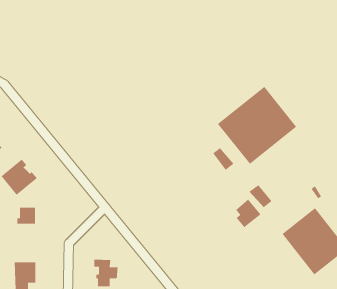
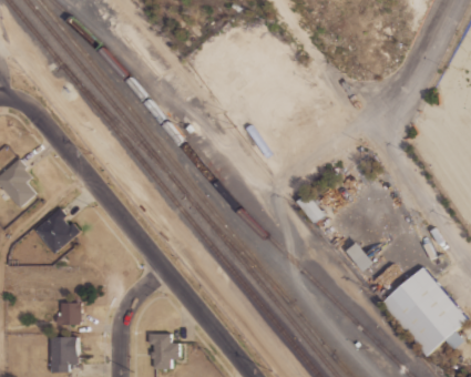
building: [217,86,297,165] -> none
building: [235,199,262,228] -> none
building: [16,207,36,225] -> [57,303,81,325]

